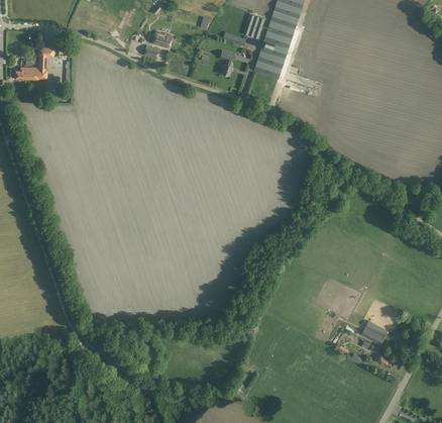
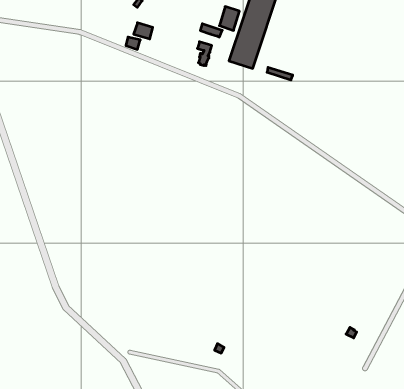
building: [15,47,54,80] -> none
building: [360,320,389,345] -> none

